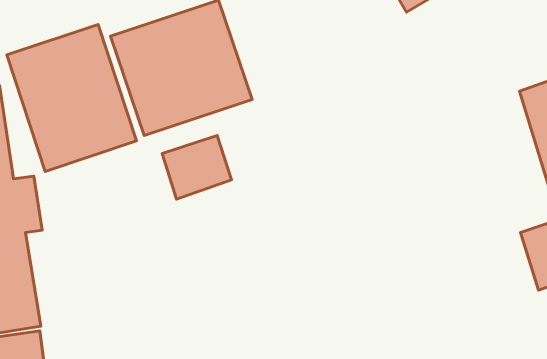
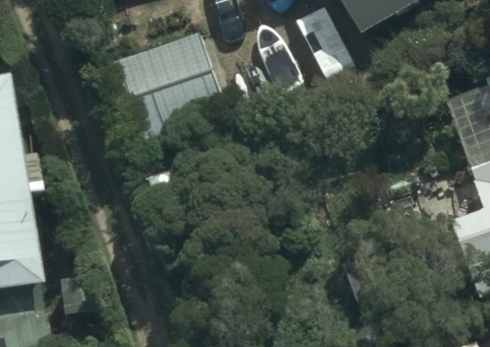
building: [7,24,137,171] -> none

